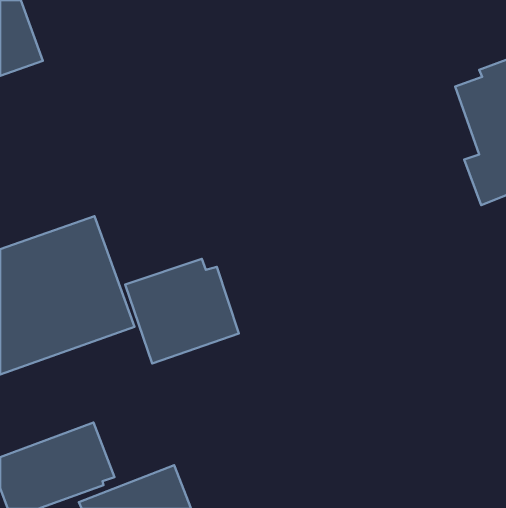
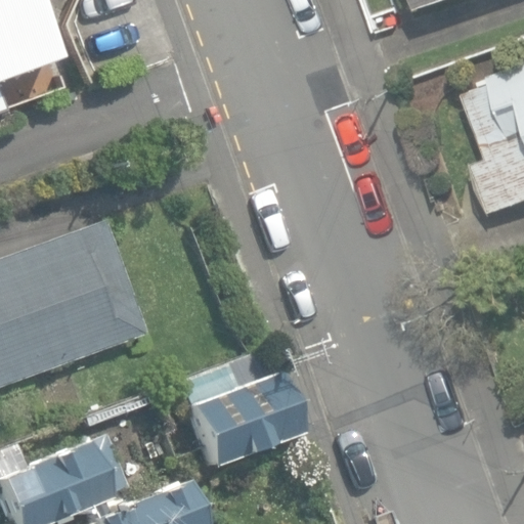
building: [125,259,239,363] -> [180,360,297,468]

